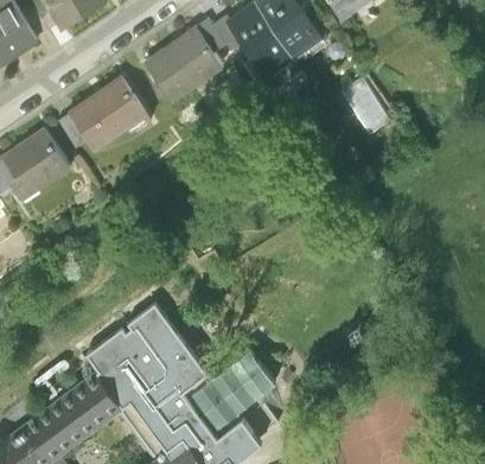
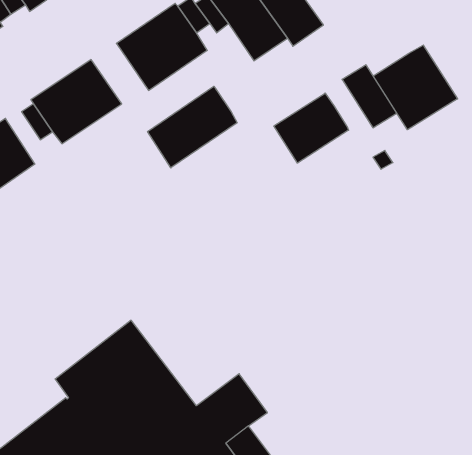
building: none -> [373,45,458,130]
building: none -> [148,86,237,168]
building: none -> [274,93,349,163]

